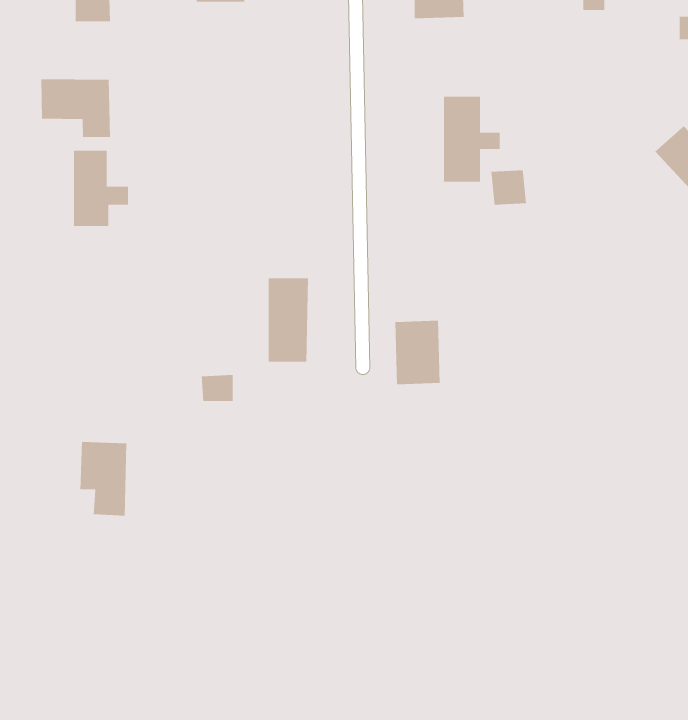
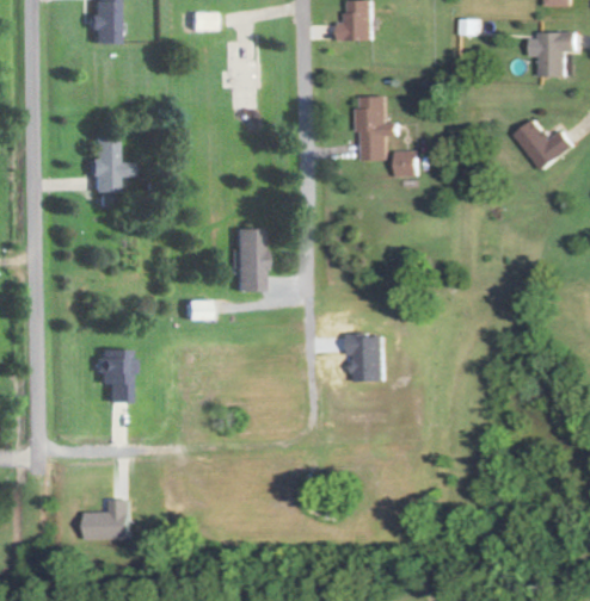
building: [40,79,111,138] -> none
building: [395,320,440,385] -> [354,334,387,382]
building: none -> [88,500,135,540]

